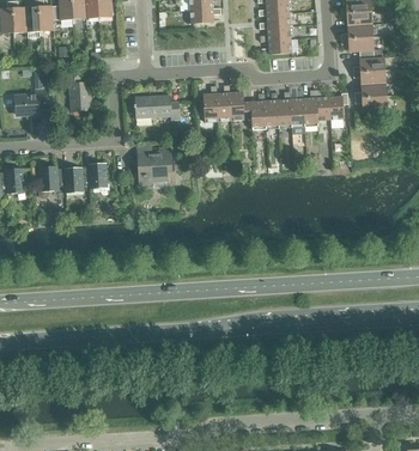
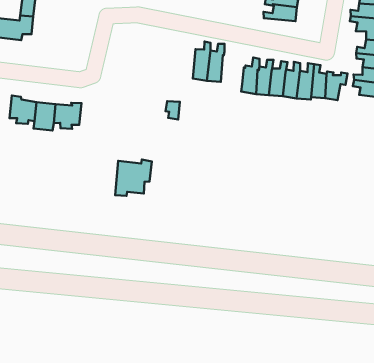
building: [66,75,90,111] -> none
building: [229,92,251,121] -> none
building: [133,96,180,121] -> none
building: [138,148,170,185] -> [115,160,152,196]

